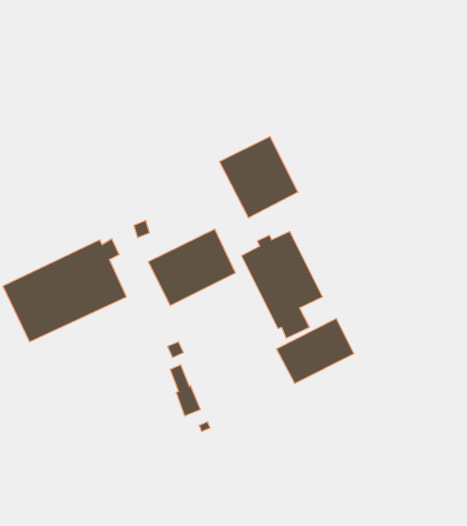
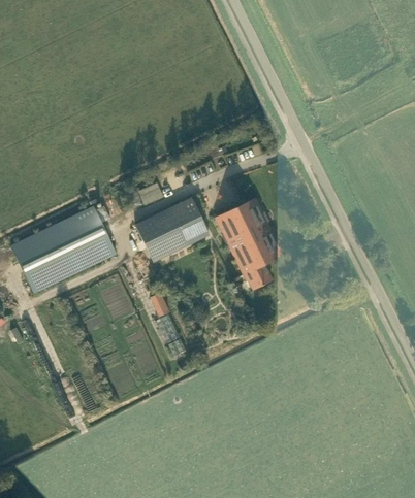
building: [220,136,298,218] -> none
building: [277,318,354,383] -> none

